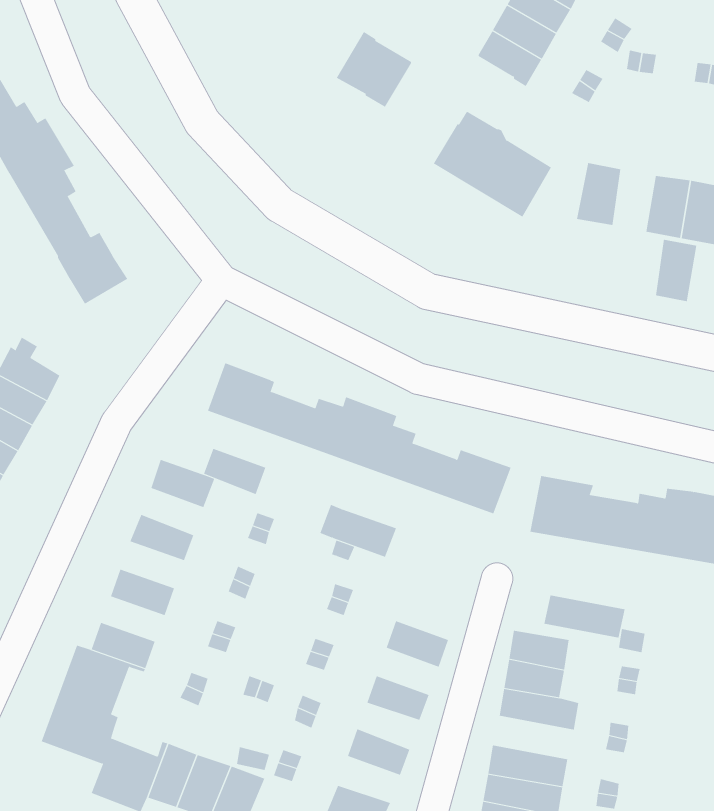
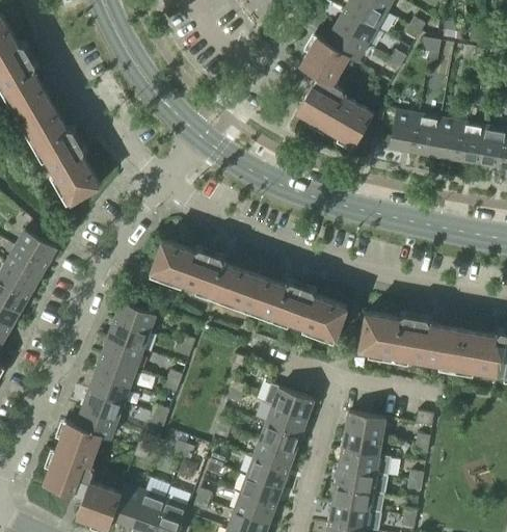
building: [336,31,412,113] -> [299,37,348,90]
building: [655,239,697,302] -> [412,116,439,157]
building: [203,448,266,495] -> [108,322,149,352]
building: [319,504,397,557] -> [264,385,314,420]
building: none -> [95,356,136,387]
building: [543,595,626,638] -> [335,469,388,497]
building: none -> [82,392,124,421]
building: none -> [260,425,300,455]
building: none -> [247,460,288,490]
building: none -> [235,495,275,525]

